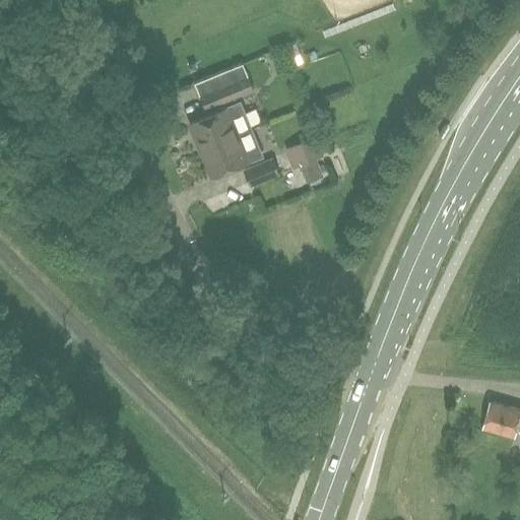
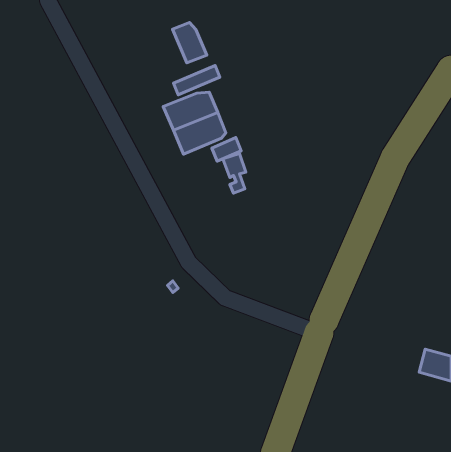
building: none -> [172,22,207,63]
building: [297,137,323,183] -> [223,153,246,193]

